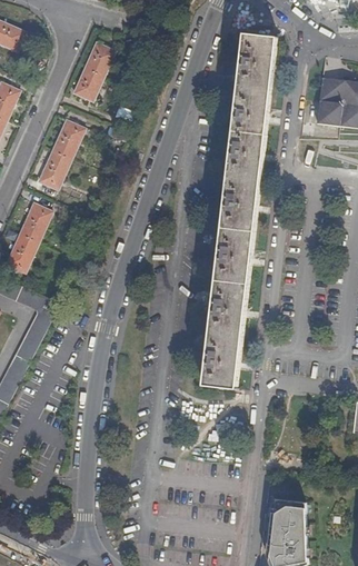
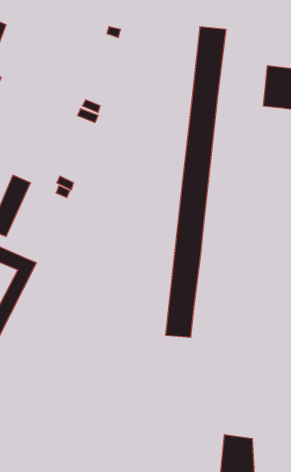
building: [72,42,113,101] -> none
building: [37,120,83,189] -> none

